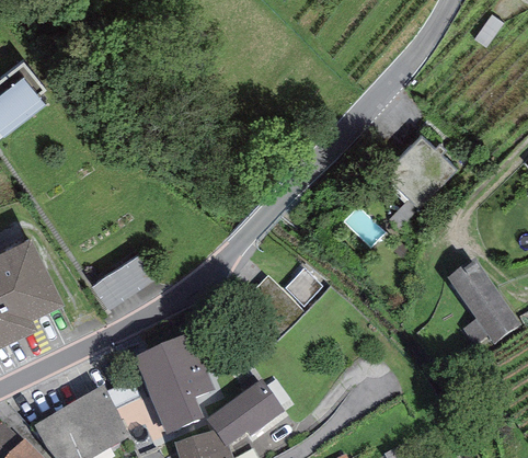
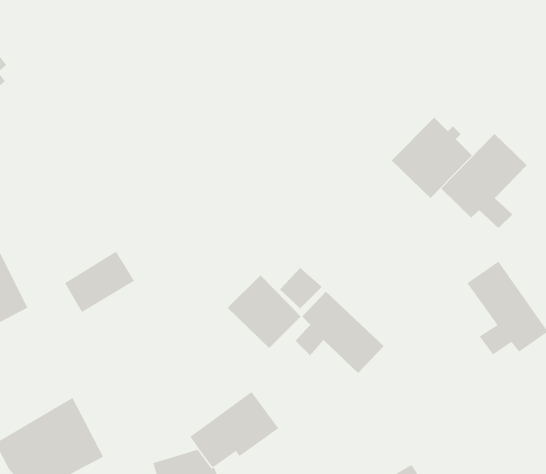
building: none -> [441,133,528,229]
building: none -> [295,291,384,374]
building: [131,332,213,434] -> none

